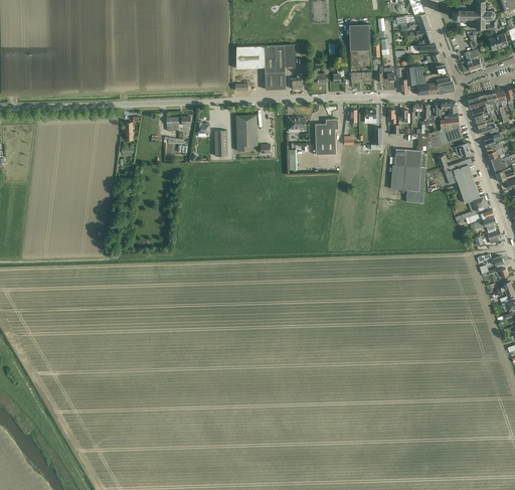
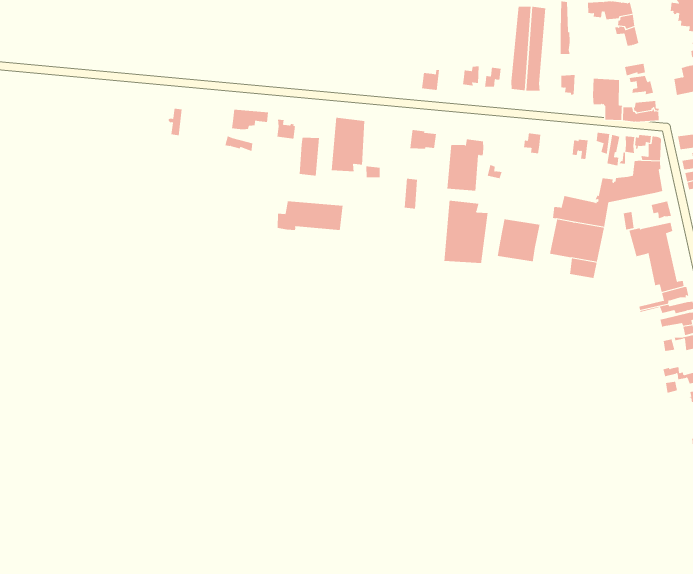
building: [236,43,295,90] -> none
building: none -> [444,200,488,264]
building: none -> [497,218,540,262]
building: none -> [277,200,343,231]

